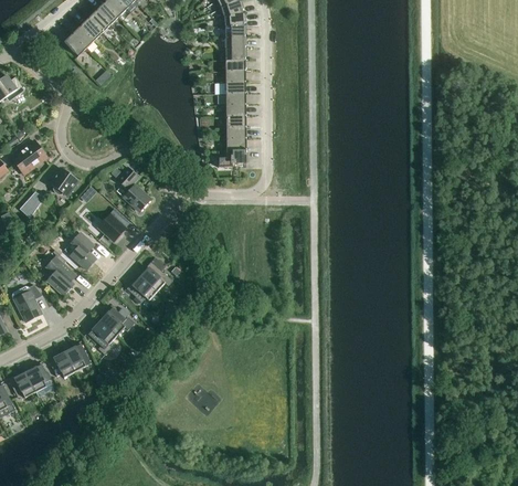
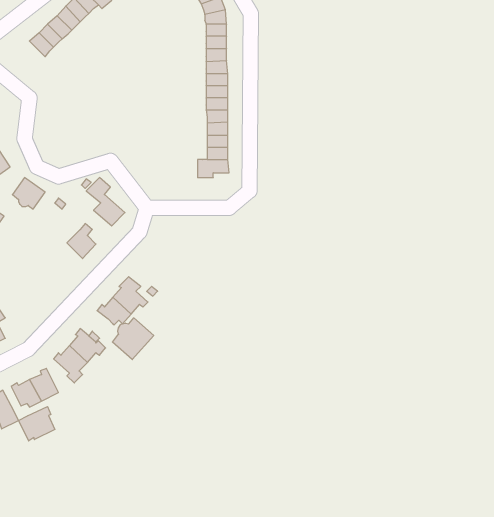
building: [70,231,96,268] -> none
building: [45,255,76,294] -> none
building: none -> [112,318,154,360]
building: none -> [18,407,55,441]

